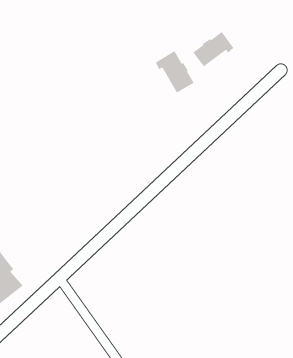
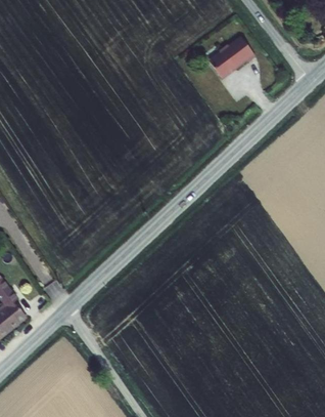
building: [155,50,195,93] -> none

